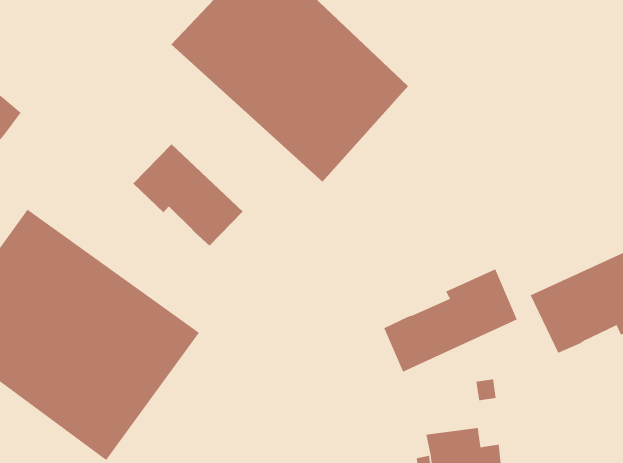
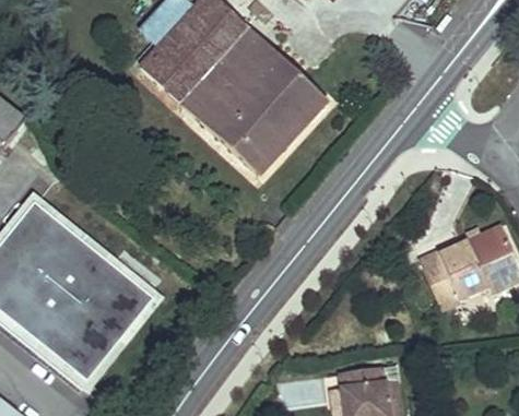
building: [132,144,243,246] -> none
building: [383,269,518,372] -> none

